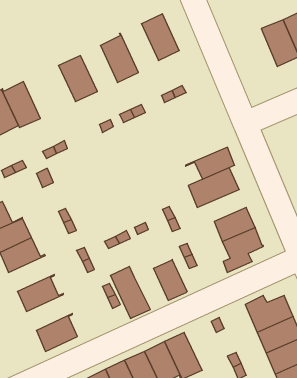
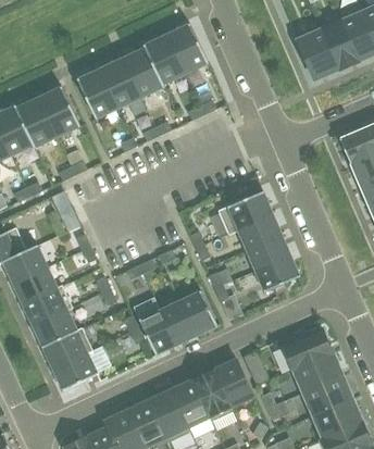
building: none -> [144,34,185,87]
building: none -> [100,58,140,108]
building: none -> [38,86,79,137]
building: [186,147,235,179] -> [227,214,280,249]
building: none -> [22,286,72,325]
building: none -> [159,300,196,345]
building: none -> [41,328,91,367]
building: none -> [213,359,253,411]

